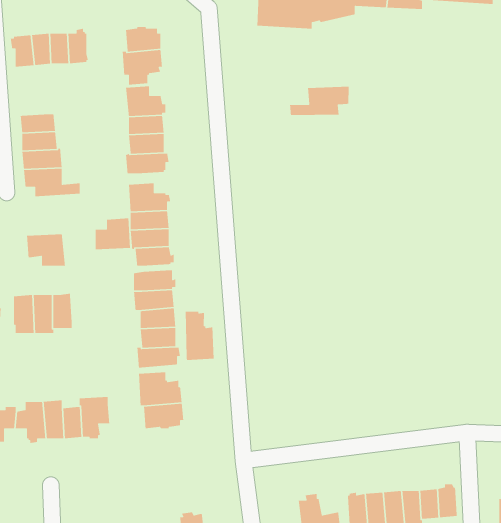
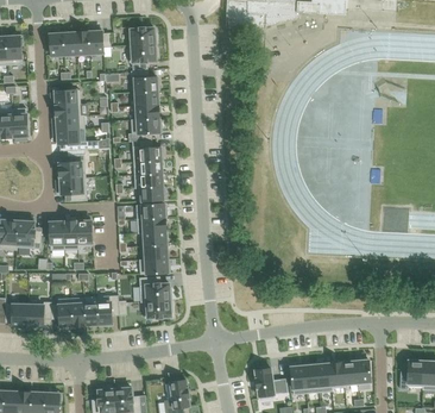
building: [289,86,349,116] -> none
building: [95,217,131,250] -> [58,155,84,179]
building: [185,311,215,361] -> none

